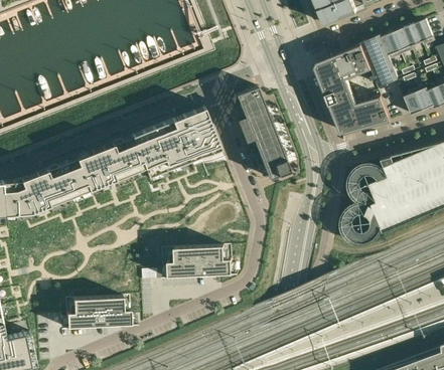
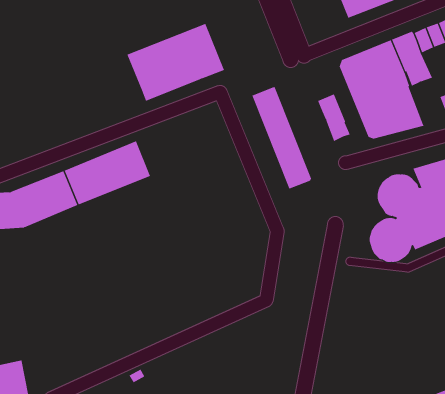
building: none -> [317,94,351,142]
building: [130,107,218,177] -> [126,23,225,102]
building: [165,246,231,278] -> none
building: [61,297,127,328] -> none

